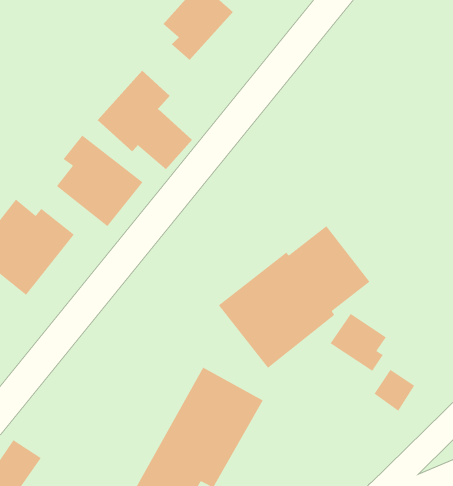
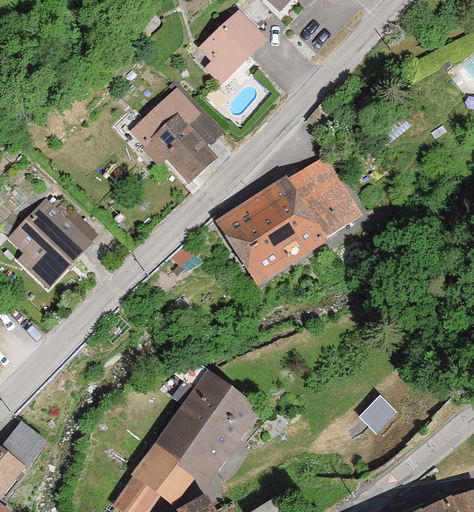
building: [56,135,143,227] -> none
building: [218,225,371,369] -> [216,156,361,285]
building: [330,313,387,372] -> none

